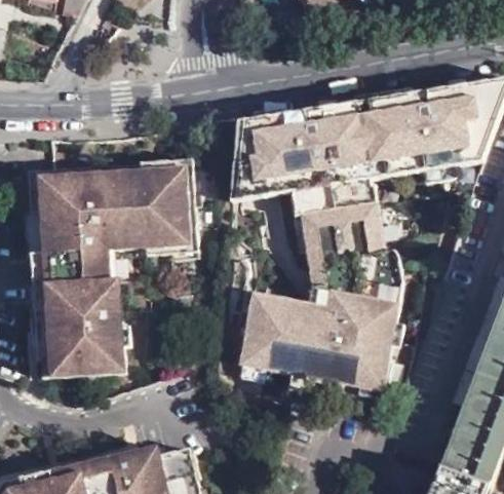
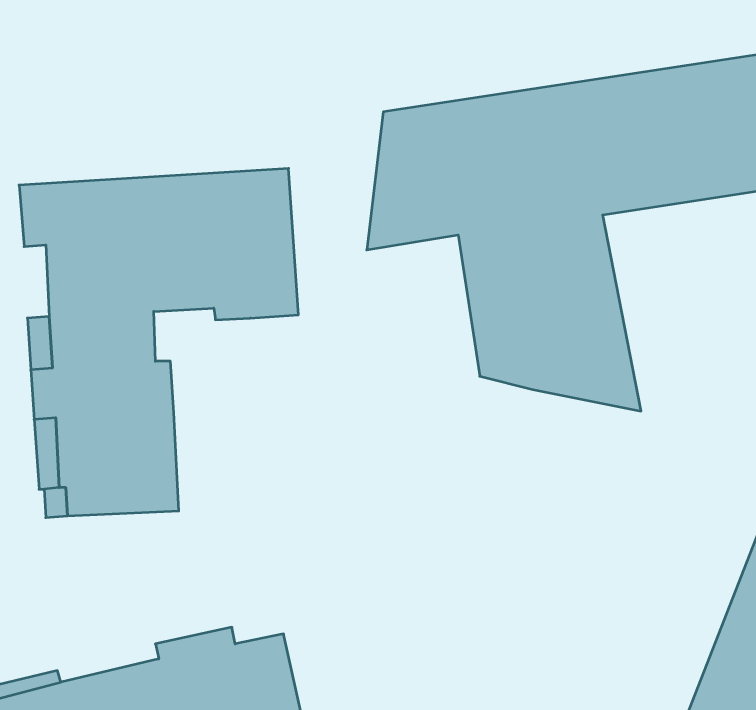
building: [240,292,403,398] -> none

